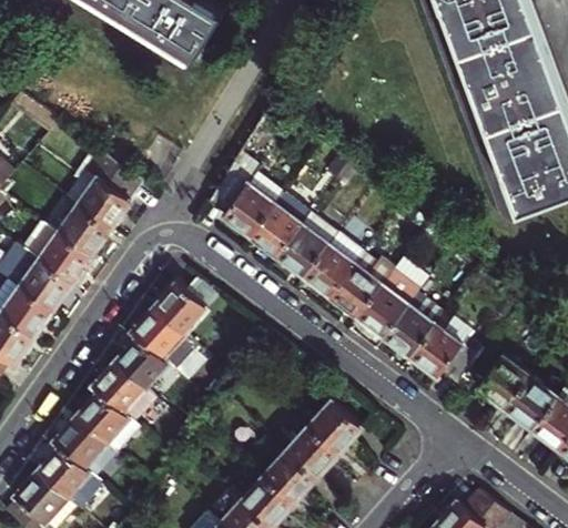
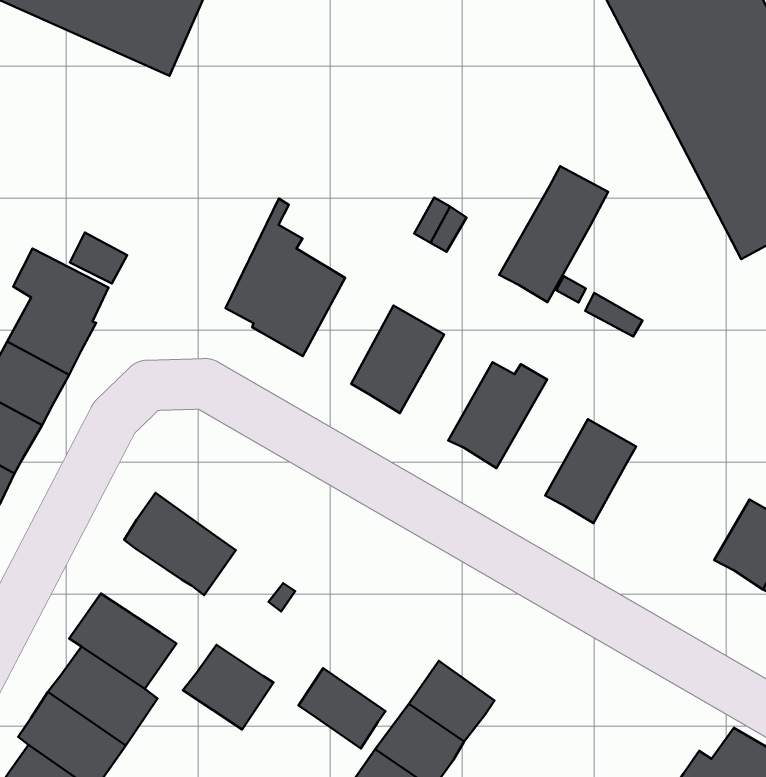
building: [247,195,305,258] -> none
building: [301,236,359,299] -> none
building: [354,260,425,339] -> [499,166,608,302]
building: [150,283,204,337] -> none
building: [407,322,479,386] -> none
building: [110,339,164,392] -> [183,645,274,730]
building: [305,403,359,457] -> none
building: none -> [298,668,385,748]

